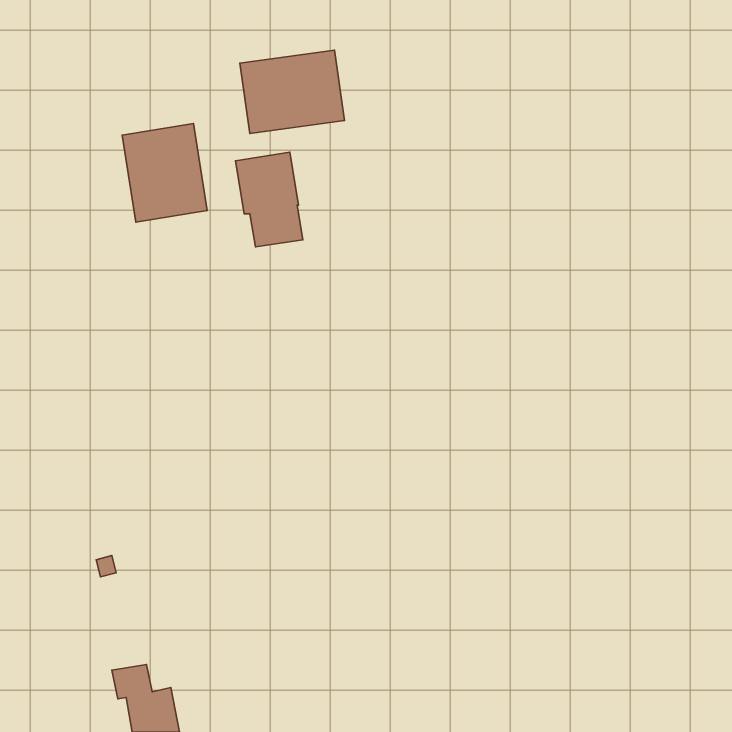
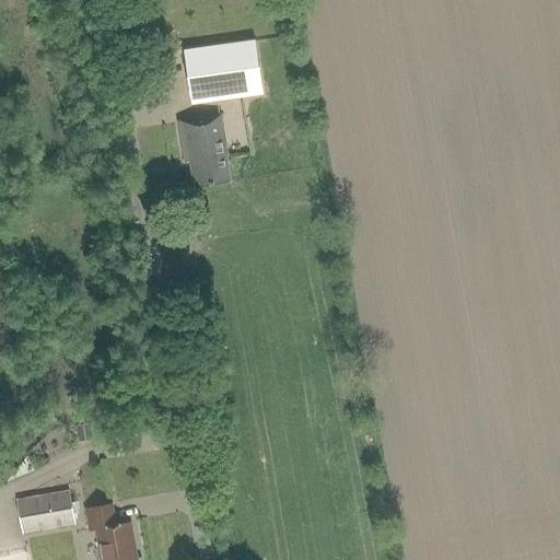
building: [122,123,207,222] -> none
building: none -> [15,490,73,533]

